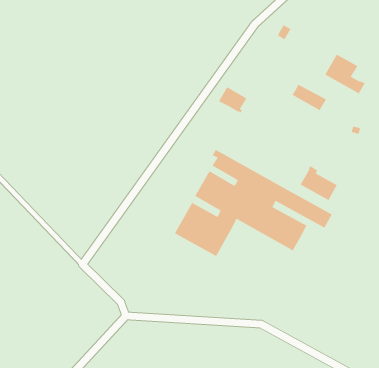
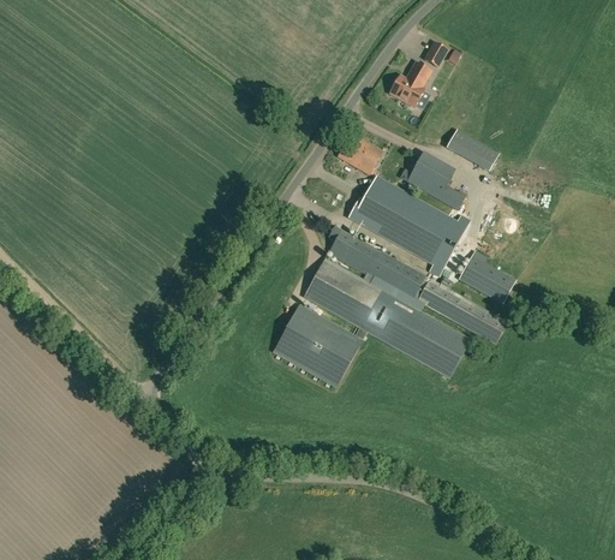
building: none -> [390,61,431,106]
building: [324,54,366,94] -> [406,150,467,210]
building: none -> [348,178,467,274]

